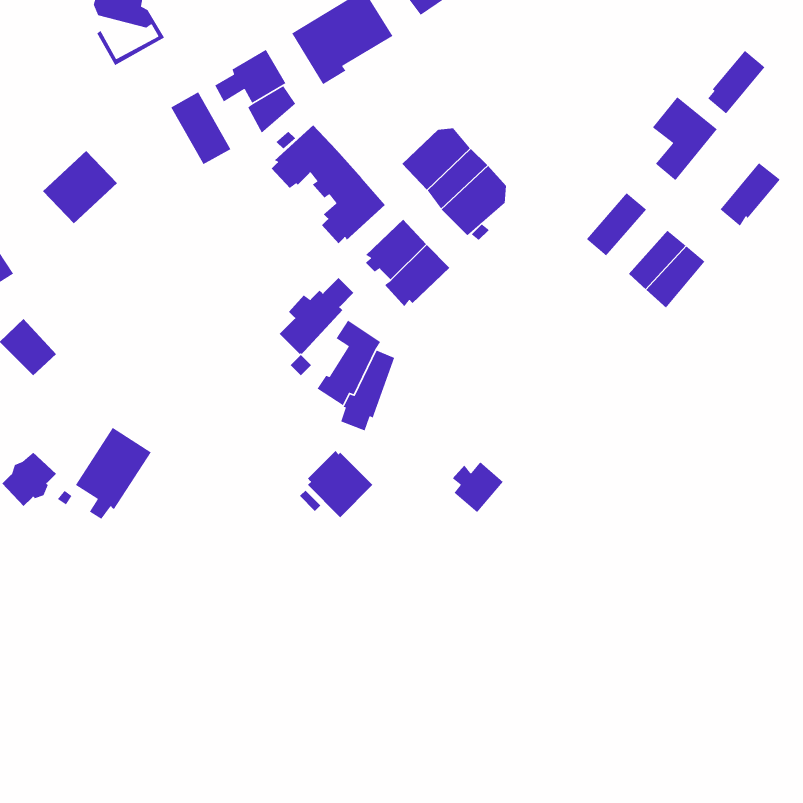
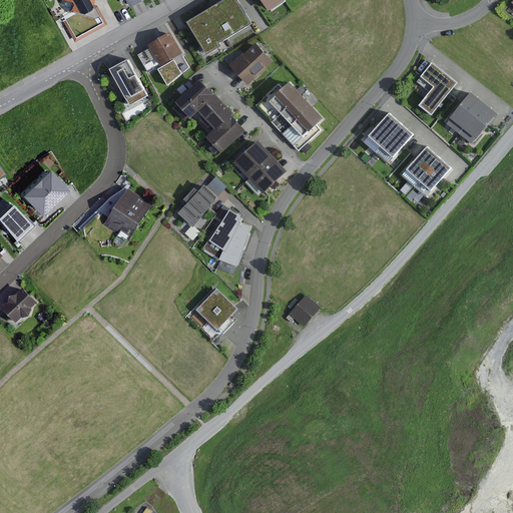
building: [707,50,765,114] -> [446,92,483,133]
building: none -> [228,42,273,85]
building: [42,150,118,224] -> [24,168,72,215]
building: none -> [362,112,399,152]
building: [75,427,152,520] -> [103,187,152,246]

